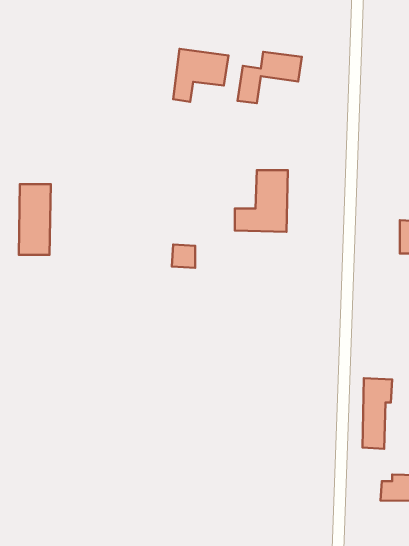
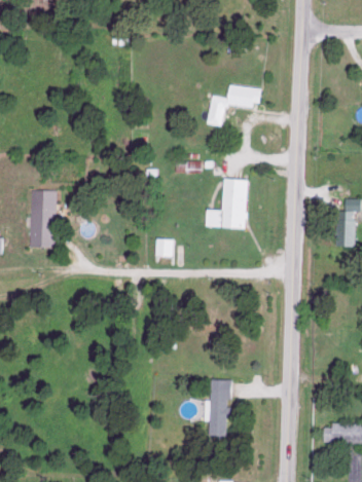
building: [173,49,228,102] -> none
building: [362,378,392,449] -> [209,380,232,437]

